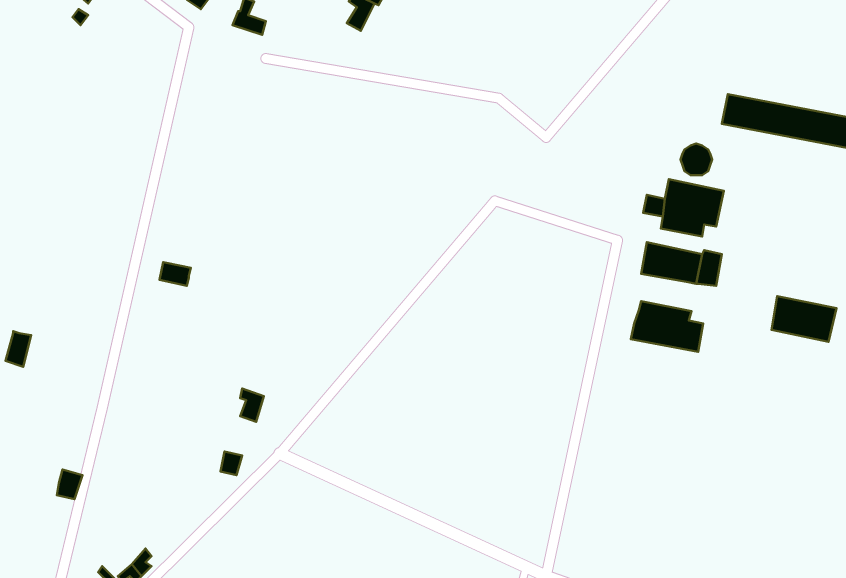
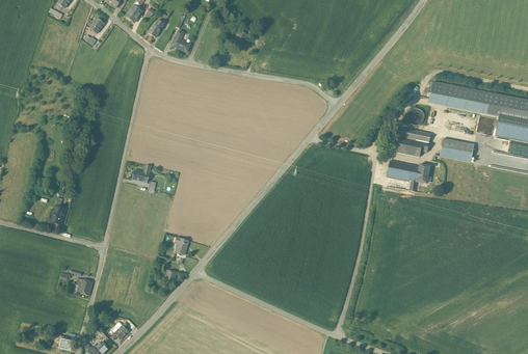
building: [771,296,837,342] -> [440,138,474,162]
building: [631,301,703,352] -> none

